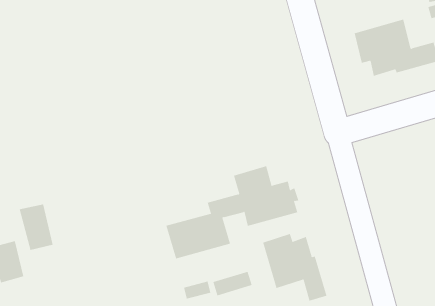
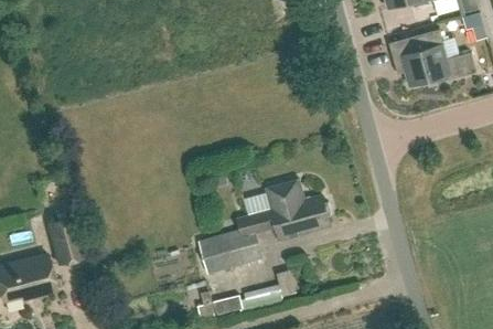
building: [263,233,327,301] -> none

